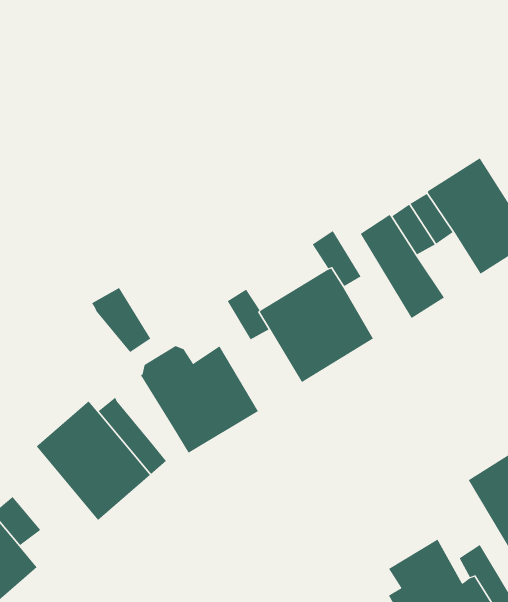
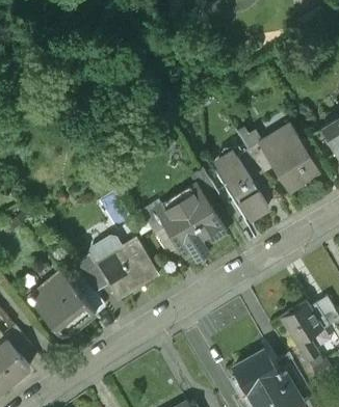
building: [91,287,151,353] -> [73,254,108,293]

